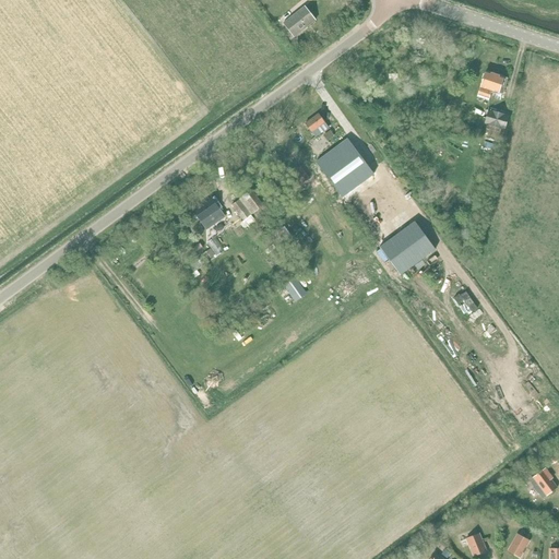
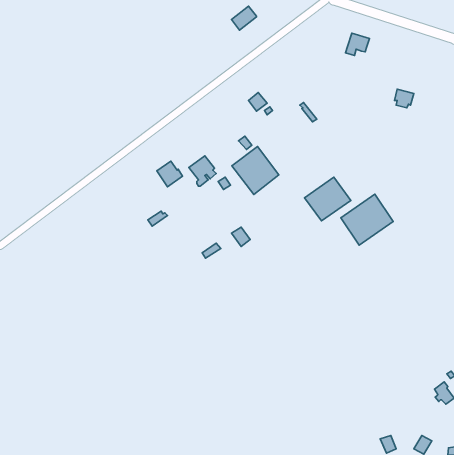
building: [479,71,509,98] -> [346,33,370,55]
building: [316,138,373,197] -> [232,146,279,194]
building: none -> [341,194,393,245]

